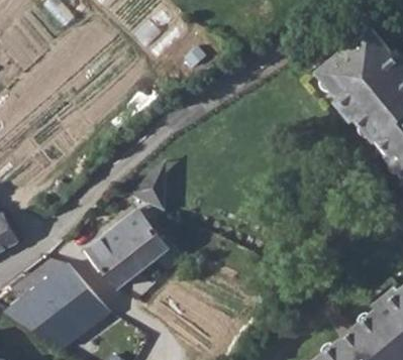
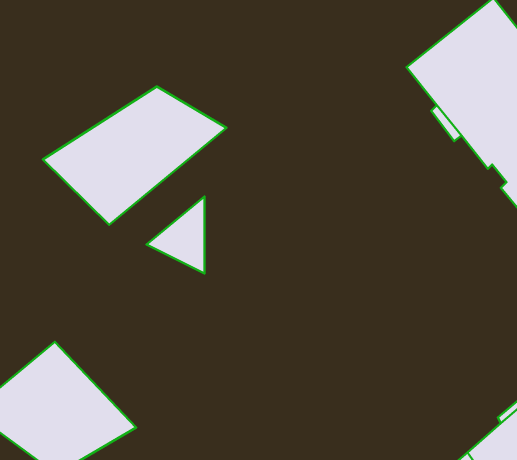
building: none -> [43,87,226,225]
building: [88,210,169,288] -> none

